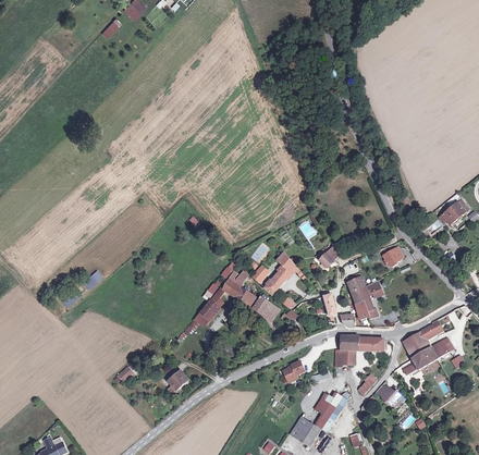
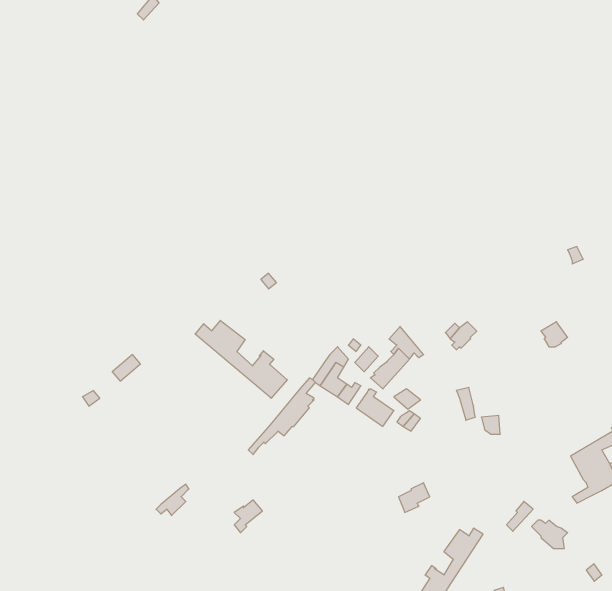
building: none -> [195,320,287,398]
building: [346,273,382,319] -> none
building: [335,335,382,367] -> none

